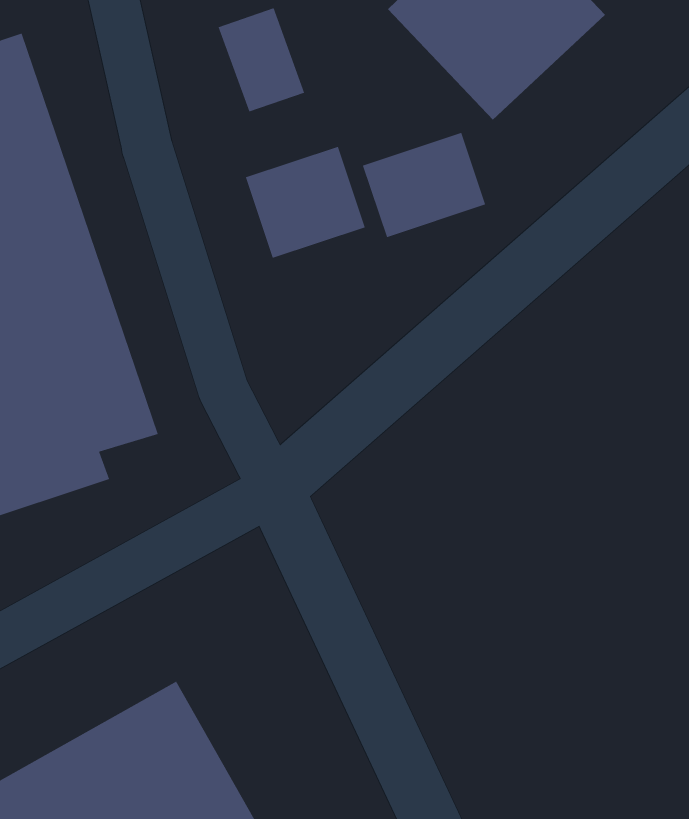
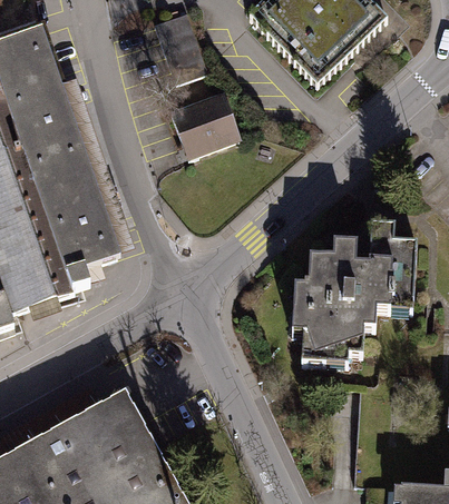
building: [362,132,486,238] -> none
building: none -> [284,226,410,350]

